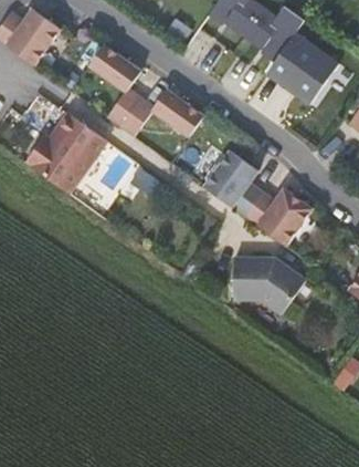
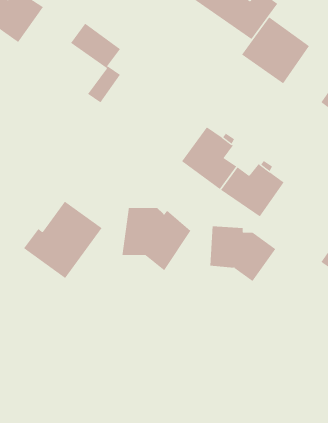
building: [119,86,203,135] -> none
building: [20,107,103,189] -> [23,201,103,279]
building: none -> [122,207,191,271]

